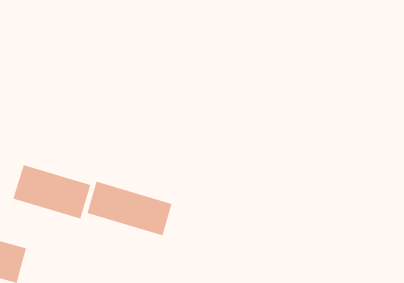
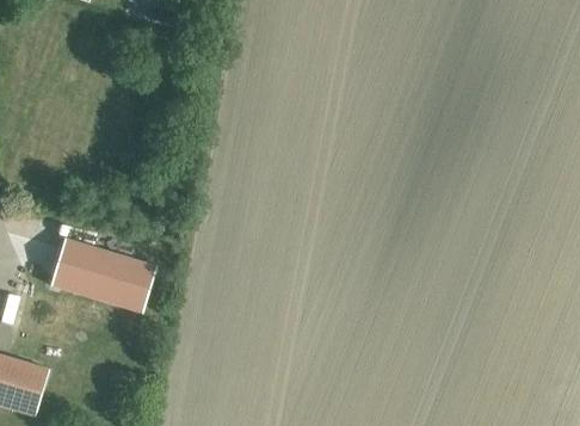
building: [87,181,172,236] -> none

